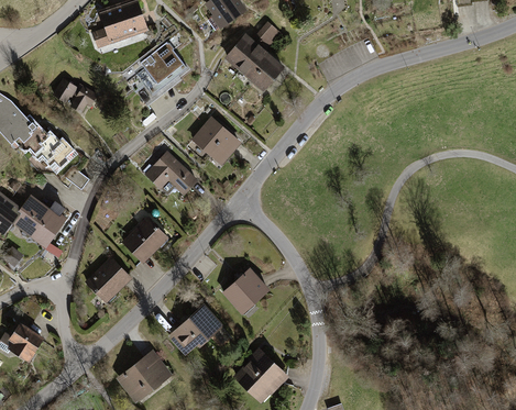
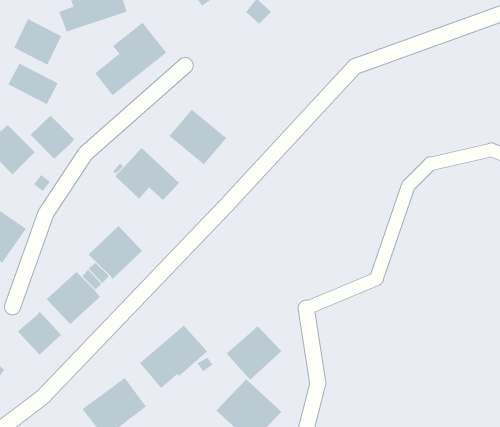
building: [222,33,283,91] -> none
building: none -> [13,18,62,66]
building: none -> [30,115,75,159]
building: [220,268,268,315] -> [226,325,282,380]
building: none -> [17,311,62,356]

